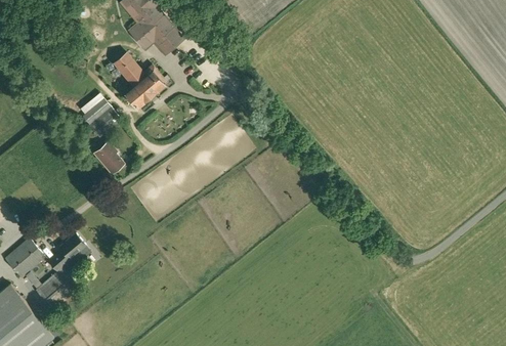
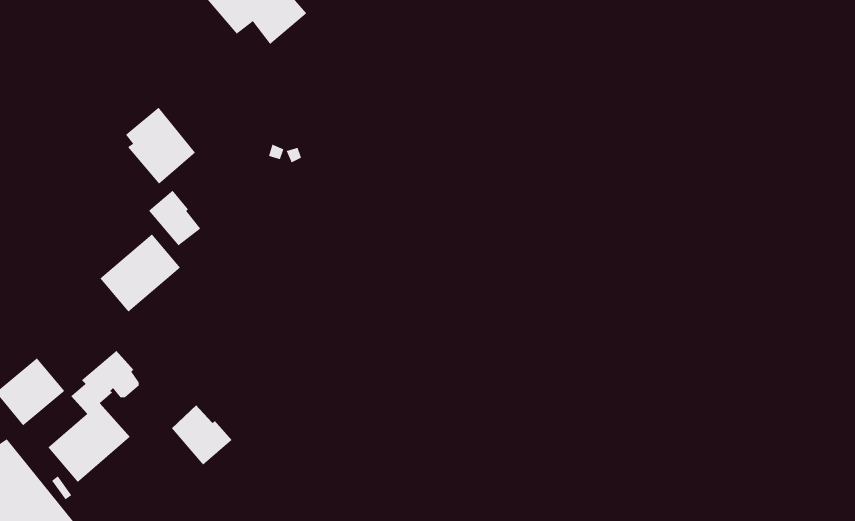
building: [113,52,163,106] -> none
building: none -> [99,233,181,313]
building: none -> [171,405,233,465]

